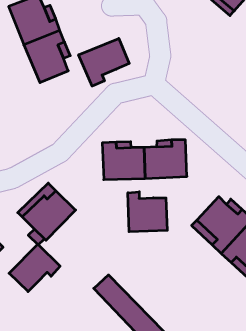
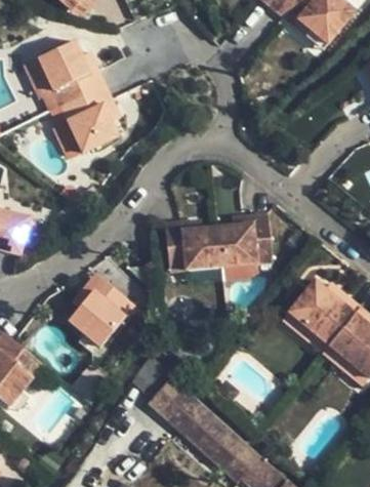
building: [79,38,129,86] -> none
building: [128,192,167,232] -> none
building: [9,244,60,292] -> none

